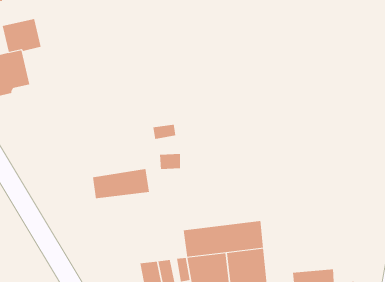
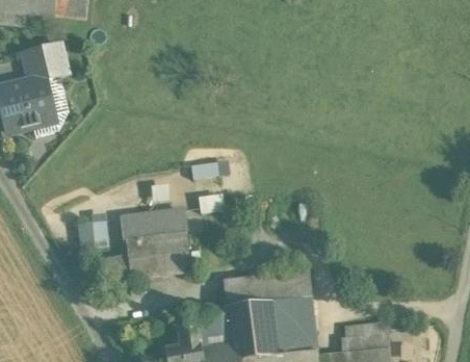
building: none -> [75,221,106,248]
building: none -> [126,237,190,280]

